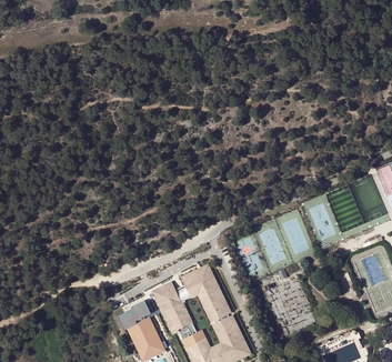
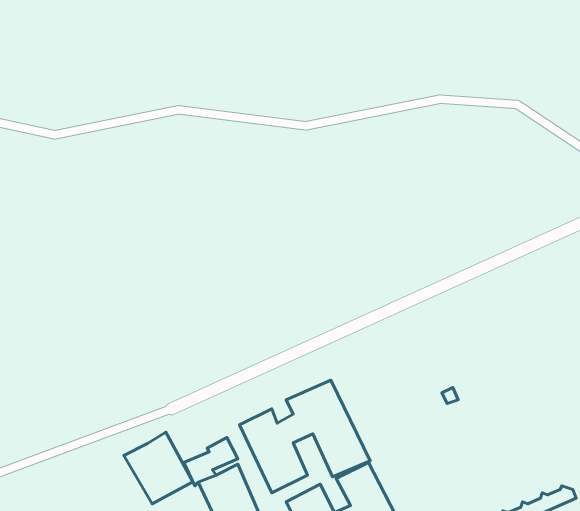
building: none -> [124,432,193,504]

